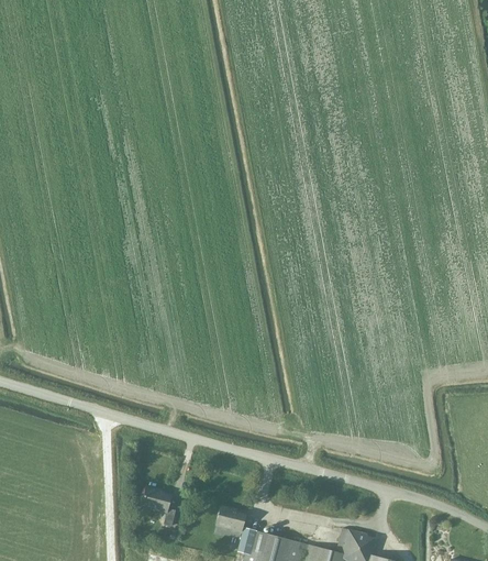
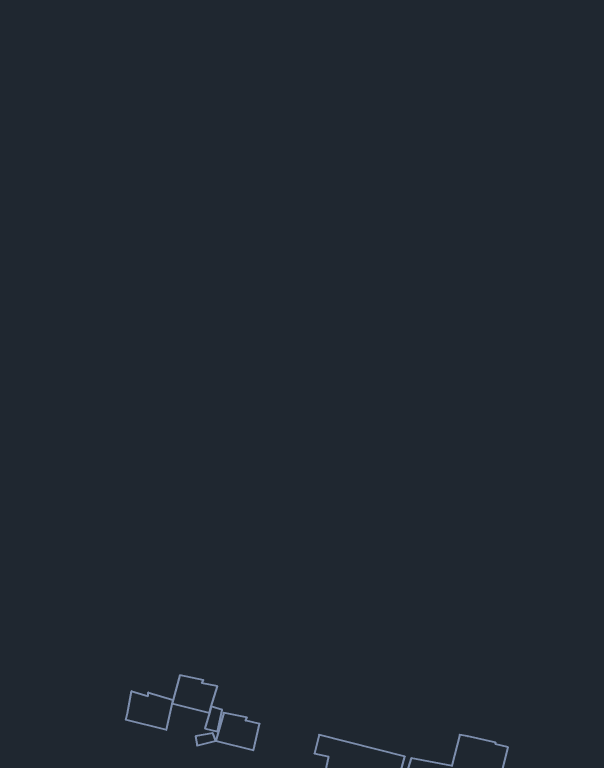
building: none -> [126,691,173,730]
building: [215,506,246,532] -> [216,713,260,750]

